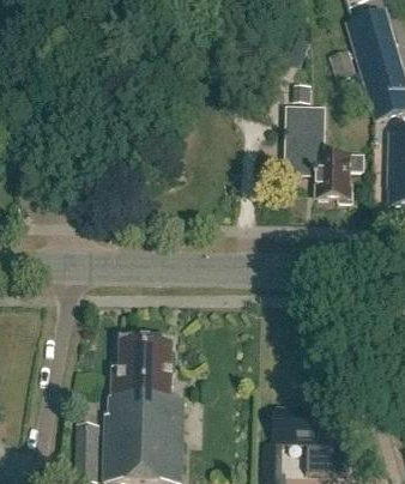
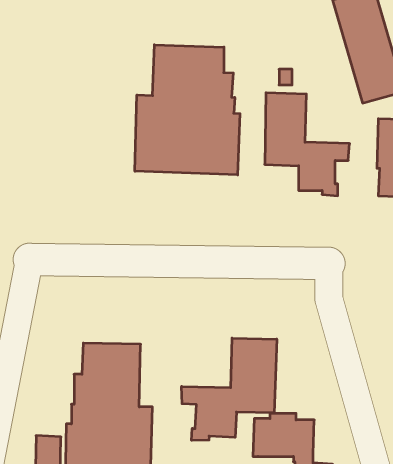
building: none -> [135,45,240,175]
building: none -> [182,338,277,440]

